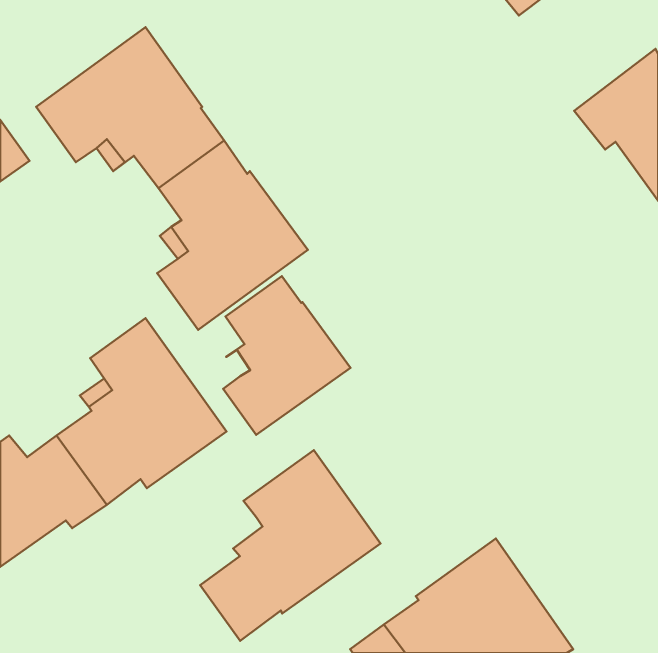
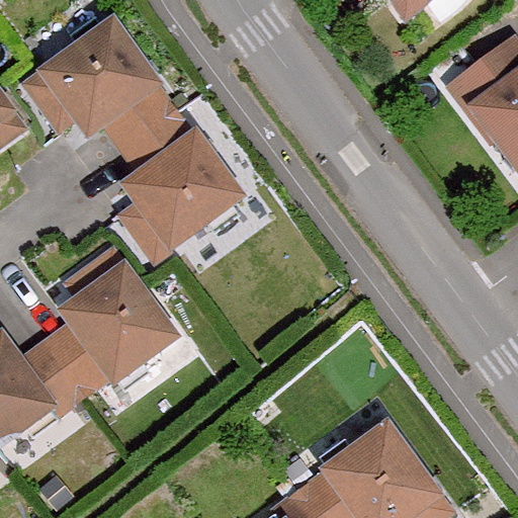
building: [223,276,351,435] -> none
building: [200,450,381,641] -> none

